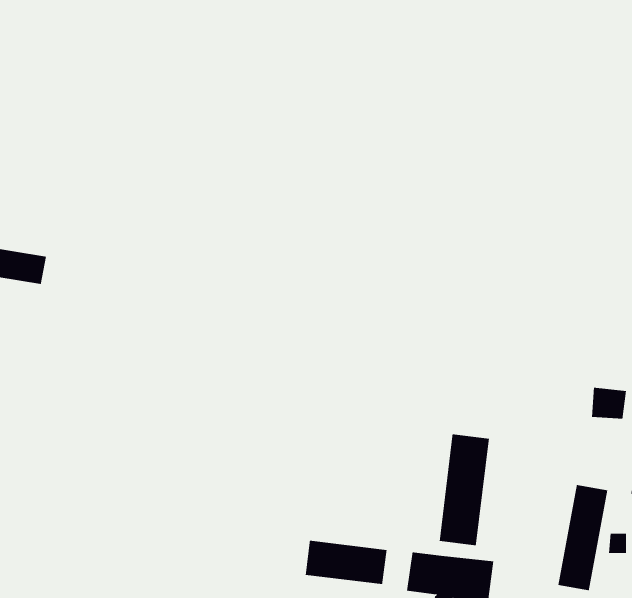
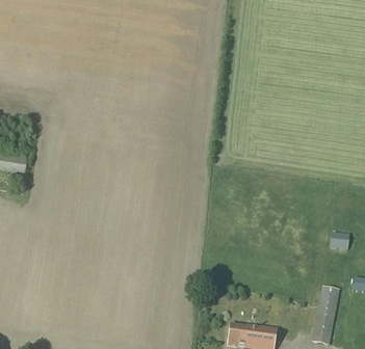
building: [439,433,489,546] -> none
building: [305,540,387,585] -> none

